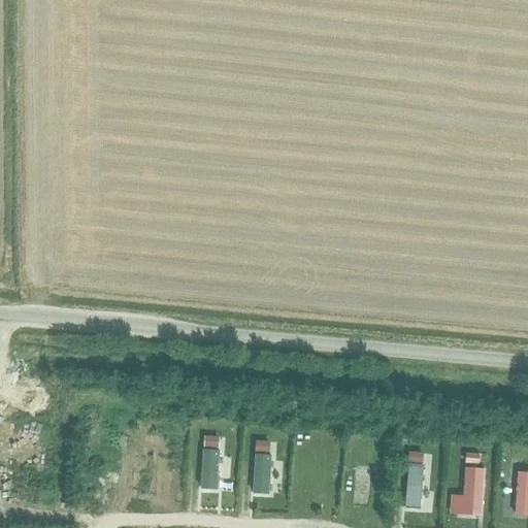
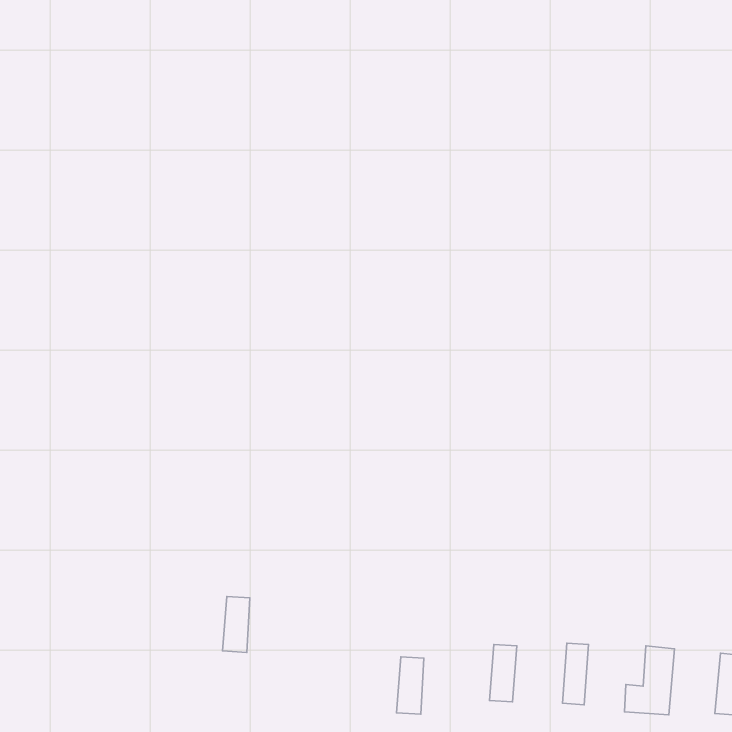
building: [200,448,220,488] -> [222,596,250,652]
building: [253,453,272,494] -> [396,657,424,714]

